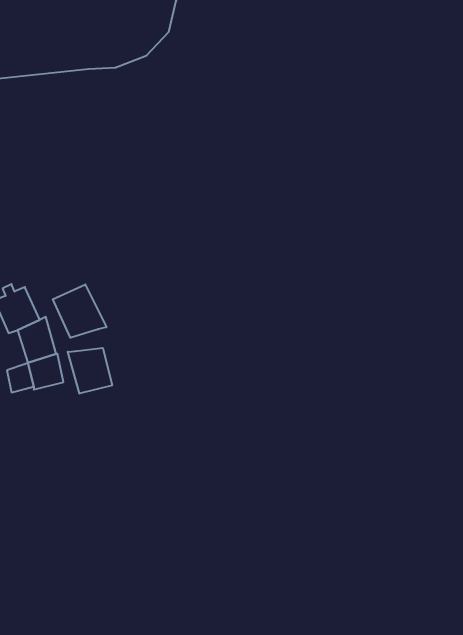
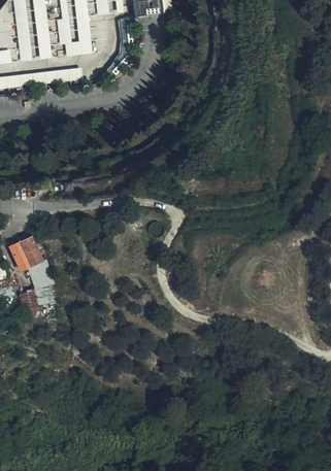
building: [53,284,106,338] -> none
building: [68,348,112,394] -> none

